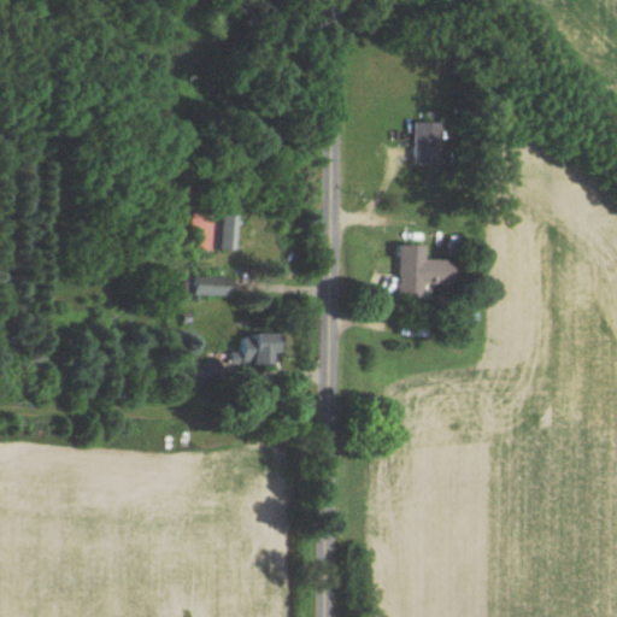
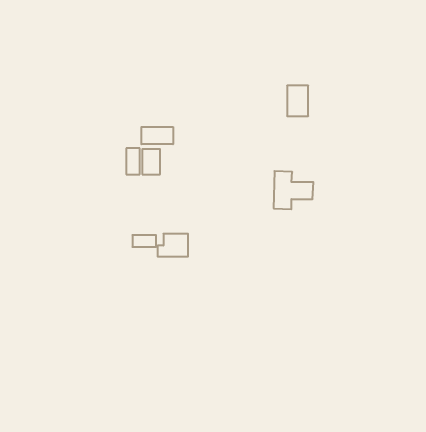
building: none -> [141,127,173,144]
building: [196,277,230,294] -> [132,235,156,247]

